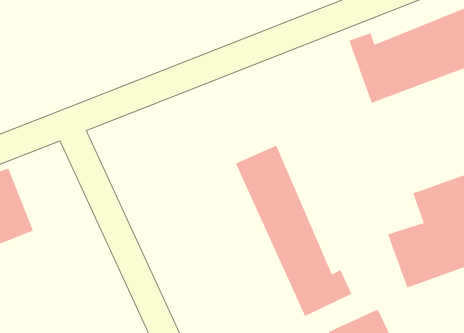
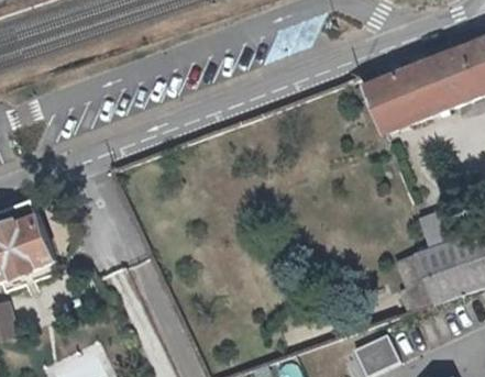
building: [235,145,352,317] -> none

